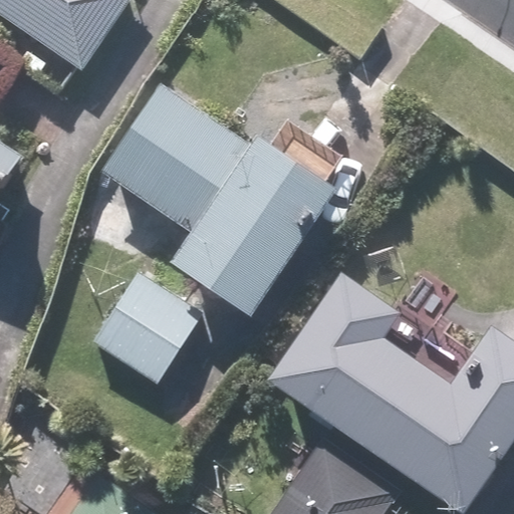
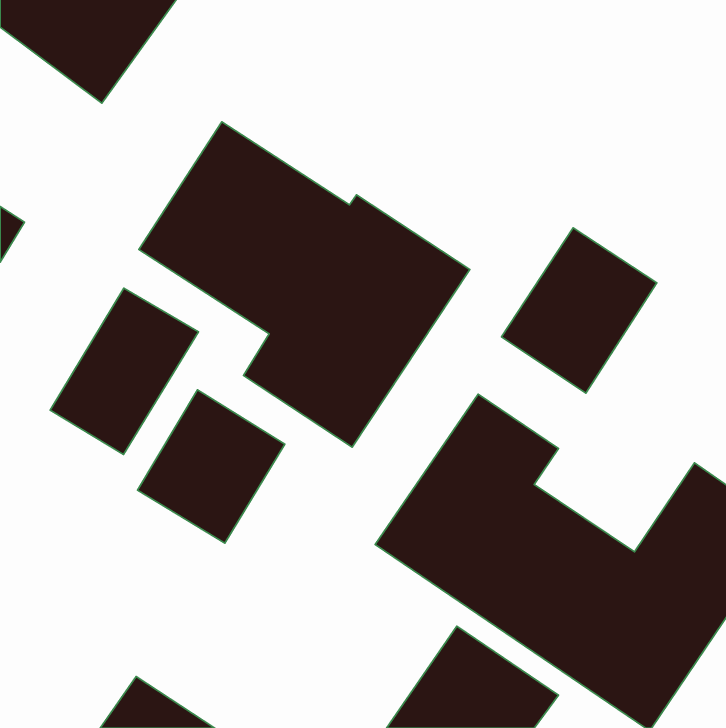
building: none -> [501,228,657,393]
building: none -> [50,288,198,455]

